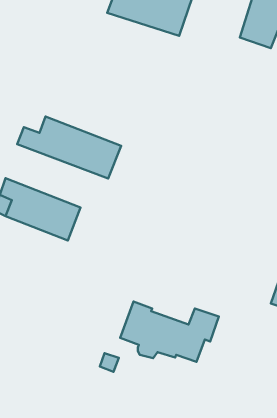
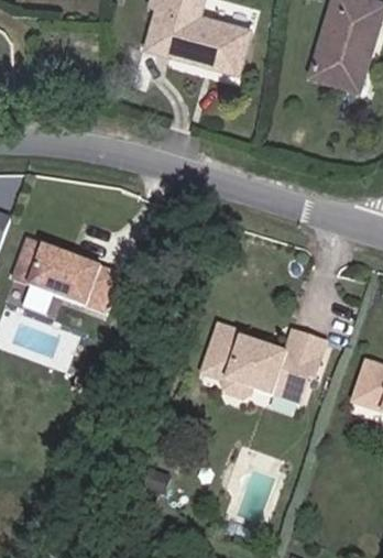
building: [17,117,121,179] -> none
building: [120,301,219,362] -> [203,319,325,394]

